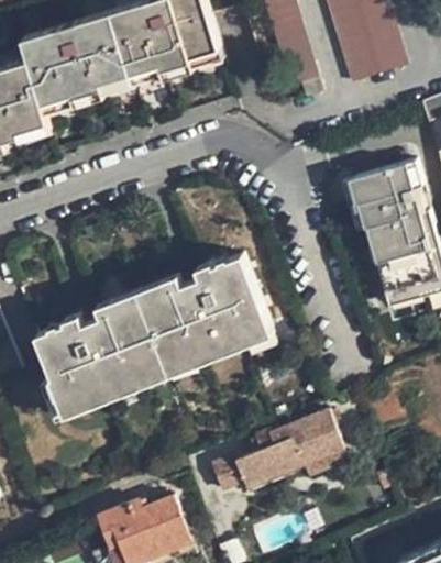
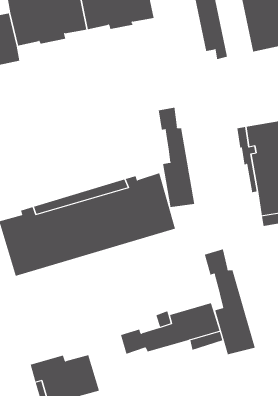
building: none -> [158,107,195,208]
building: none -> [204,249,255,355]

